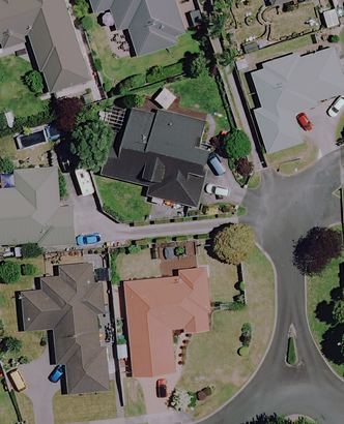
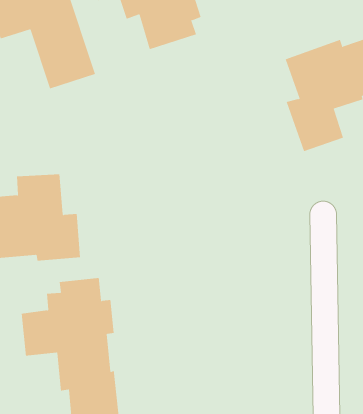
building: [99,107,210,210] -> none
building: [123,266,209,375] -> none

